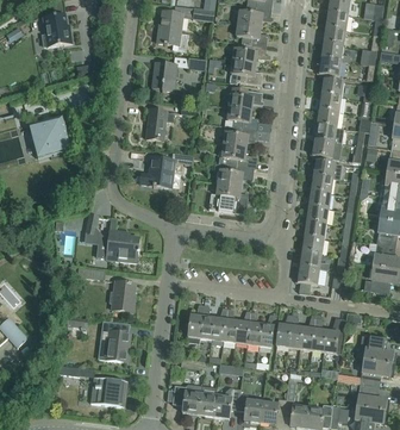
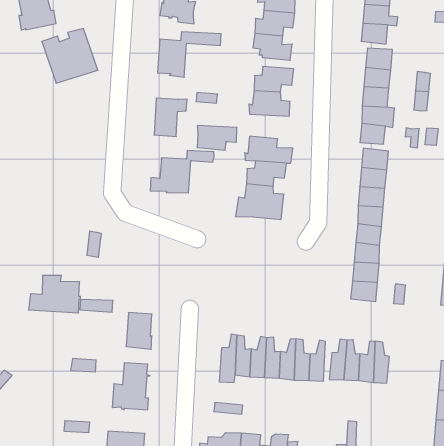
building: [27,114,71,157] -> [42,29,98,83]
building: [223,126,256,148] -> [197,126,237,150]
building: [95,230,138,262] -> [28,275,81,313]
building: [321,317,345,354] -> none

